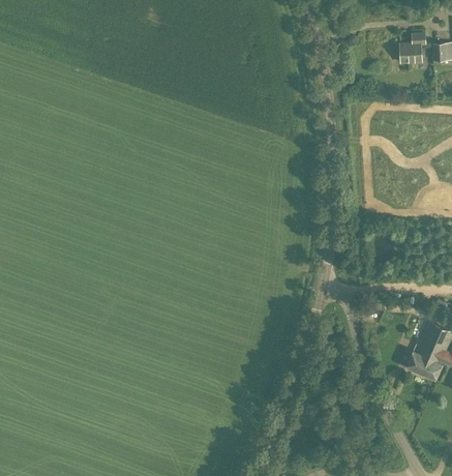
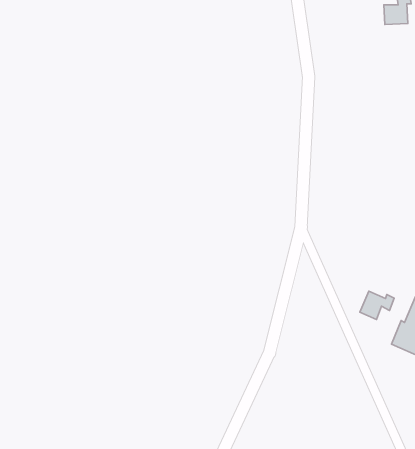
building: none -> [360,291,394,319]

